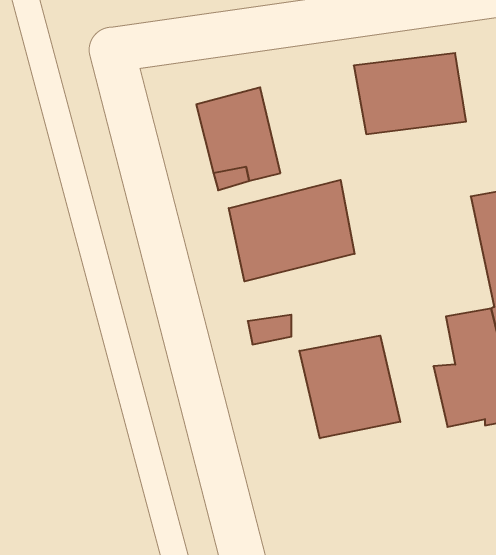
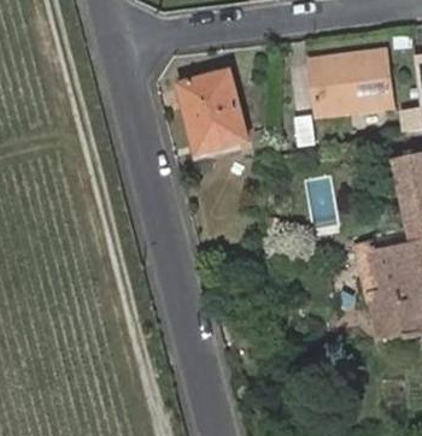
building: [229,180,355,281] -> none
building: [299,336,400,438] -> none

